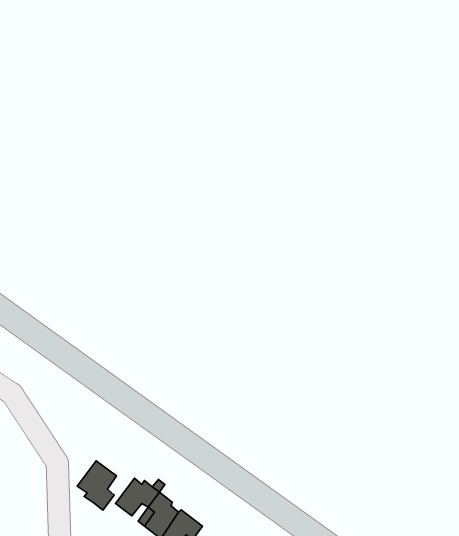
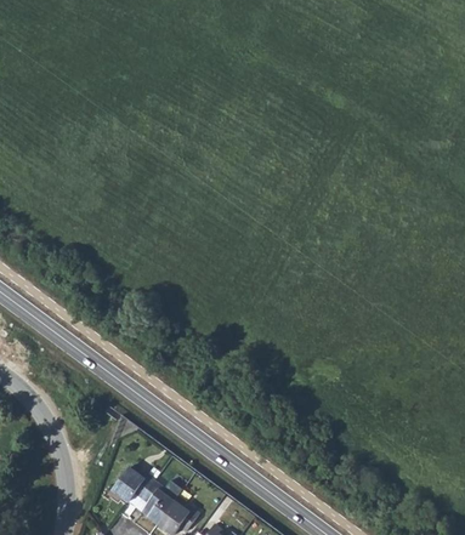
building: [77,461,117,510] -> none

